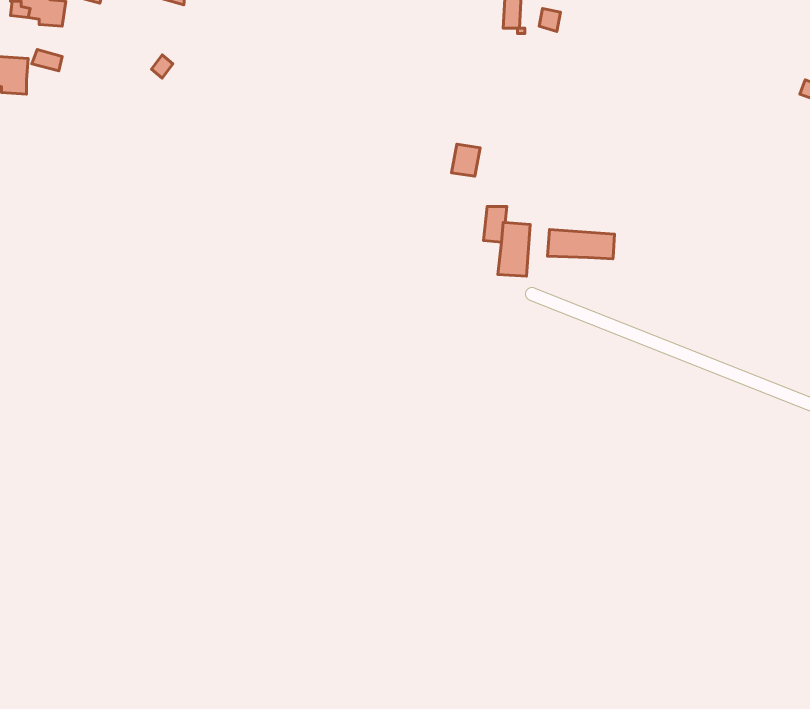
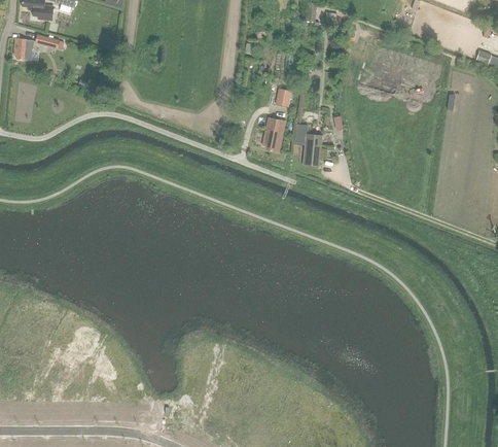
building: none -> [262,115,285,150]
building: [547,230,615,259] -> none

